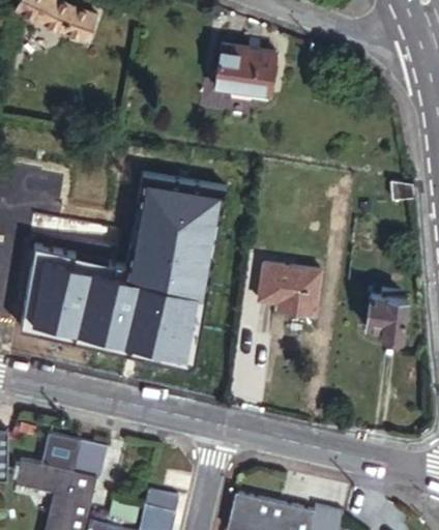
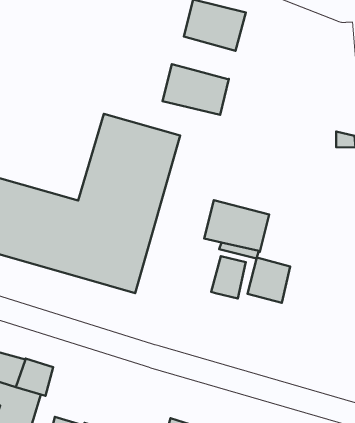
building: none -> [163,64,229,115]
building: [367,293,410,340] -> [248,257,290,303]
building: none -> [211,256,246,299]

